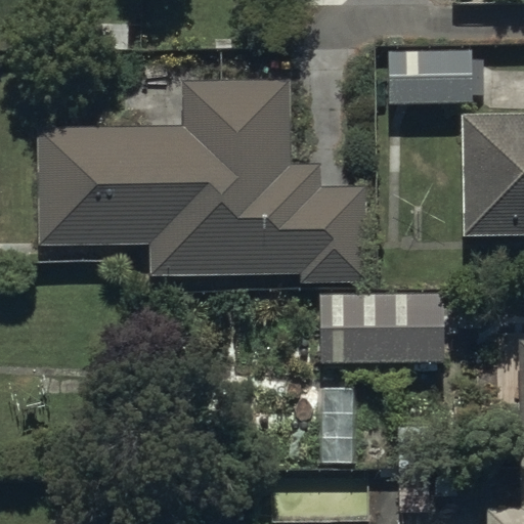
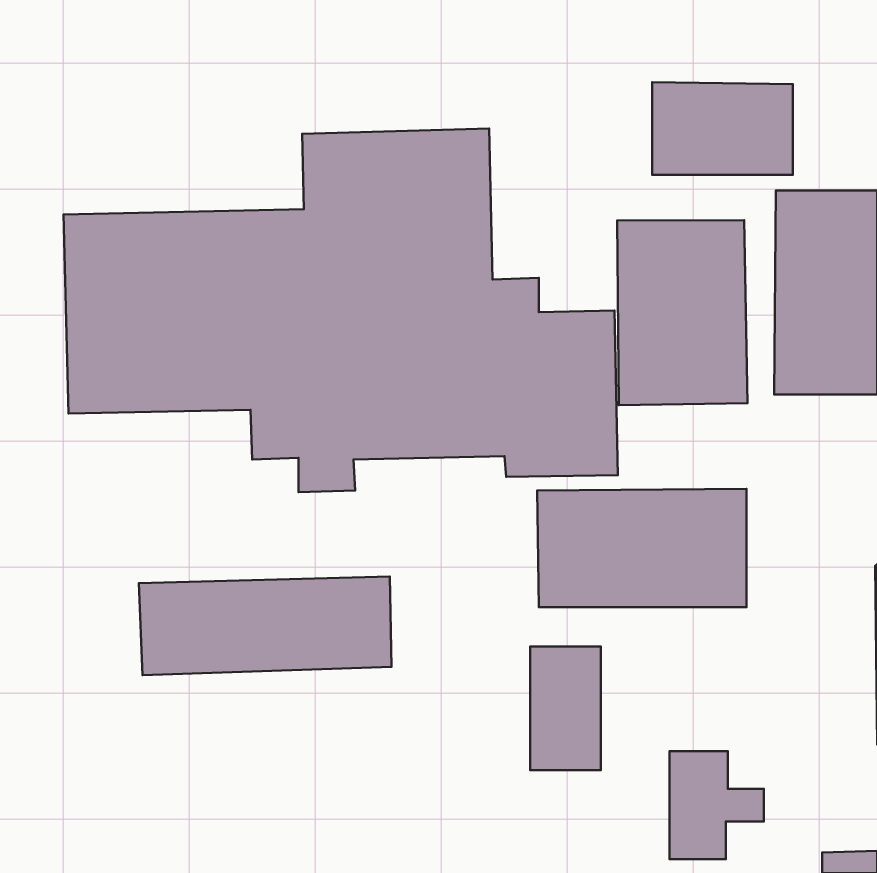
building: none -> [617,220,748,405]
building: none -> [139,576,391,675]

